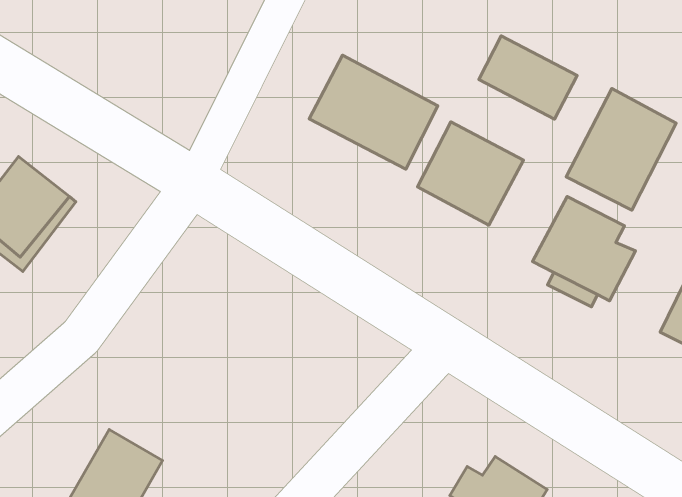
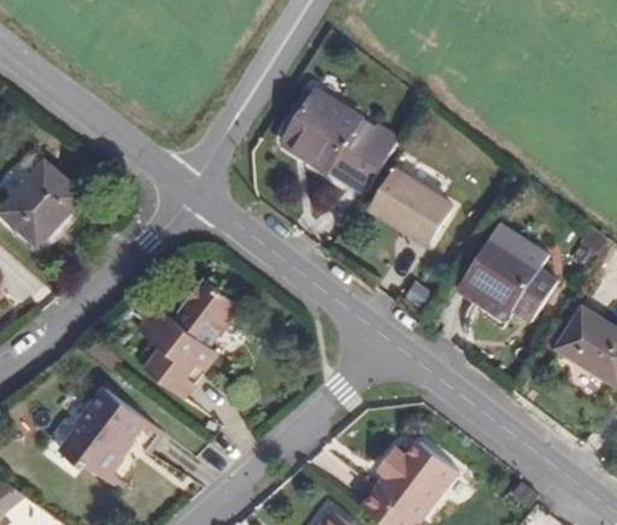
building: [479,36,577,119] -> none
building: [566,89,676,210] -> none
building: none -> [130,273,229,394]

